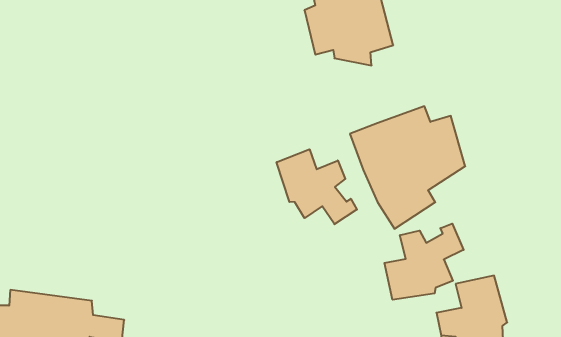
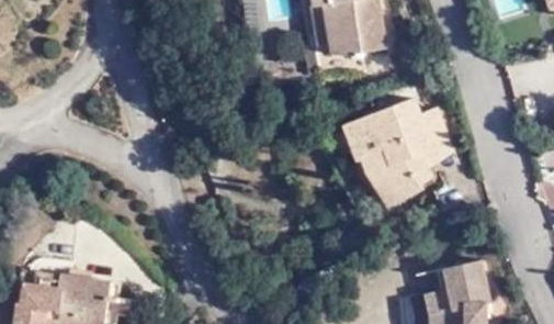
building: [277,149,357,224] -> none
building: [384,224,464,300] -> none

